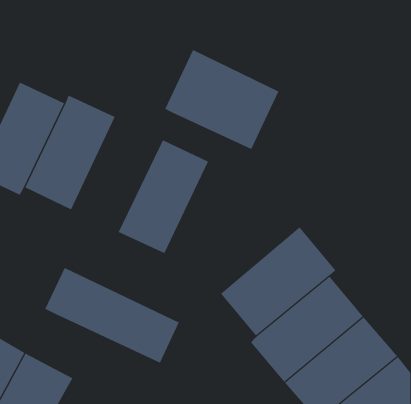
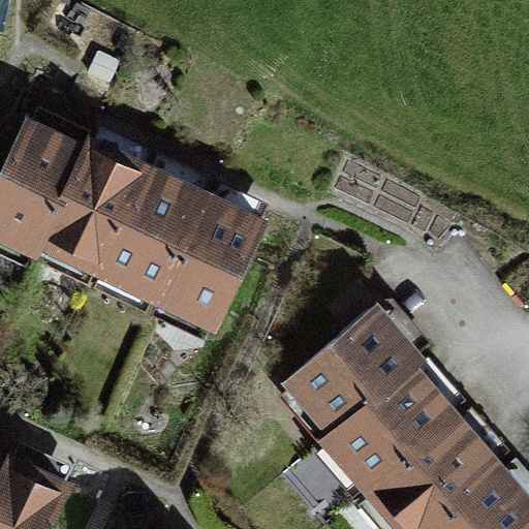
building: [164,49,279,150] -> none
building: none -> [91,162,207,309]
building: [44,267,179,364] -> none

